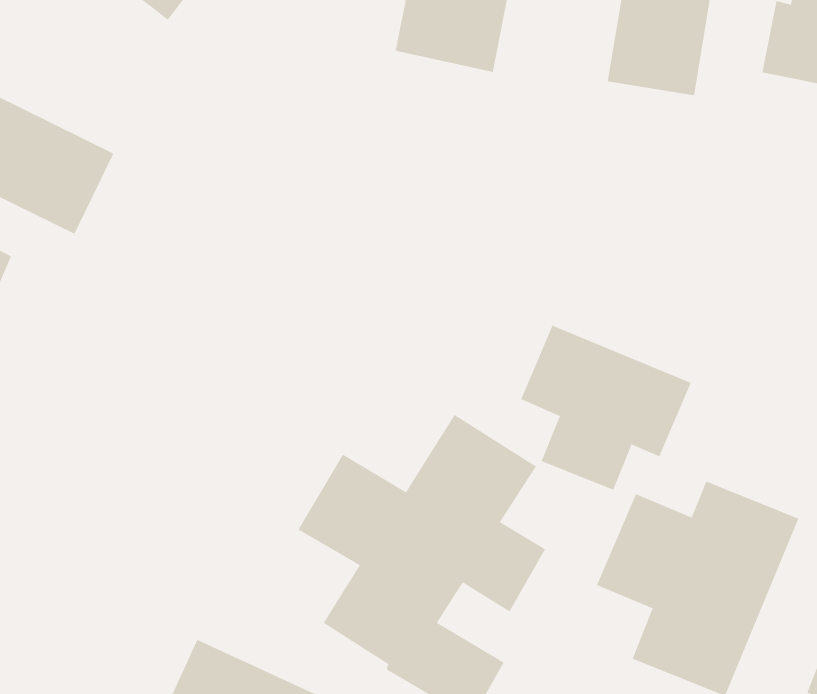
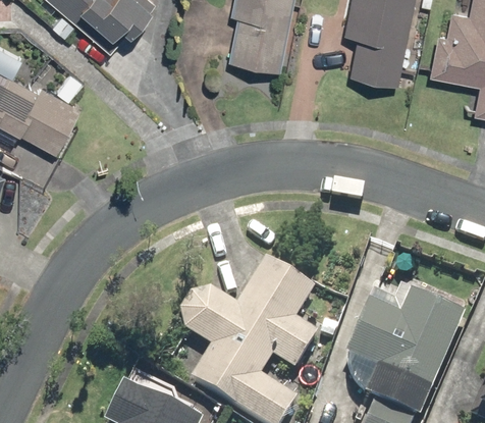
building: [520,325,691,490] -> none

